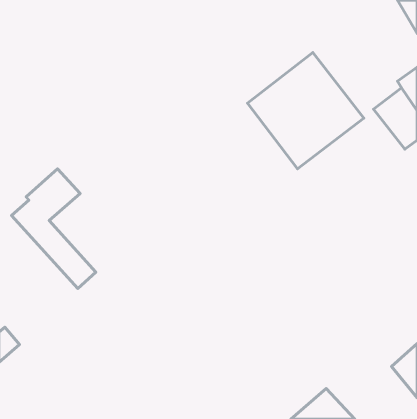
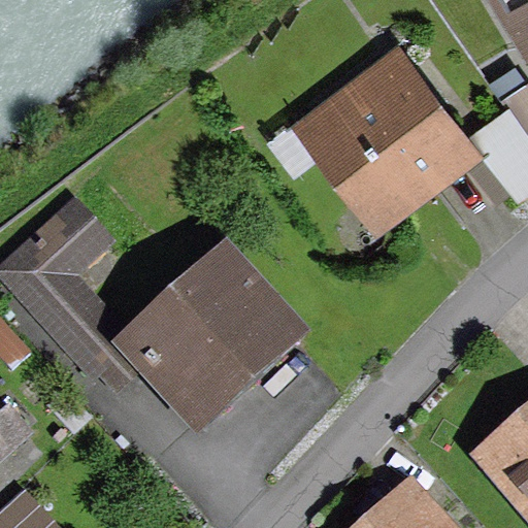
building: none -> [128,264,290,423]

